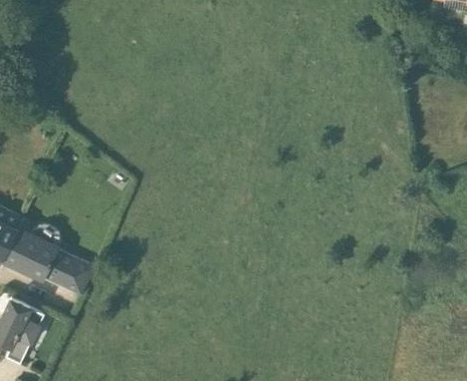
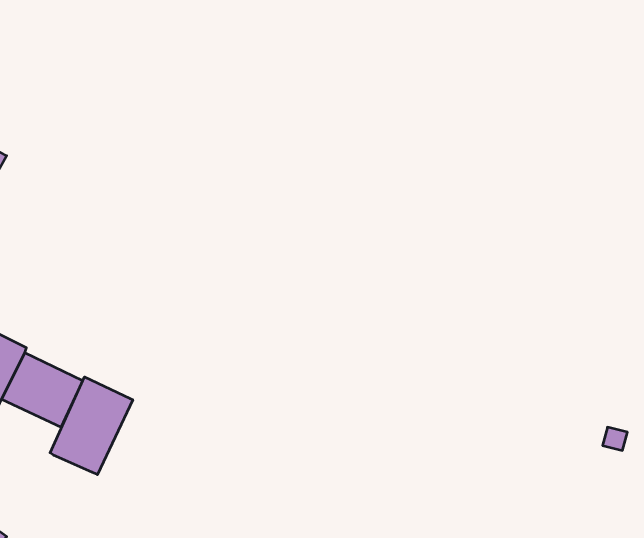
building: none -> [50,377,133,475]

